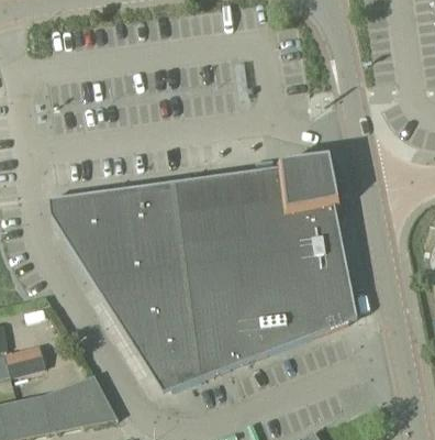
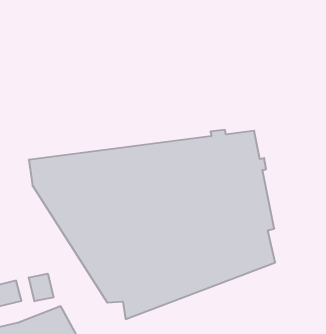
building: none -> [29,274,53,301]

